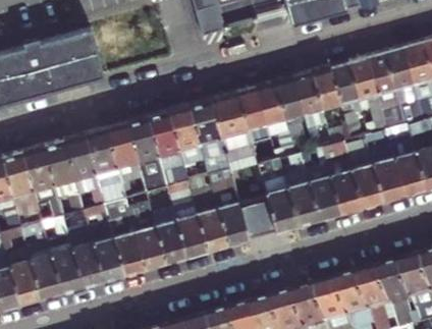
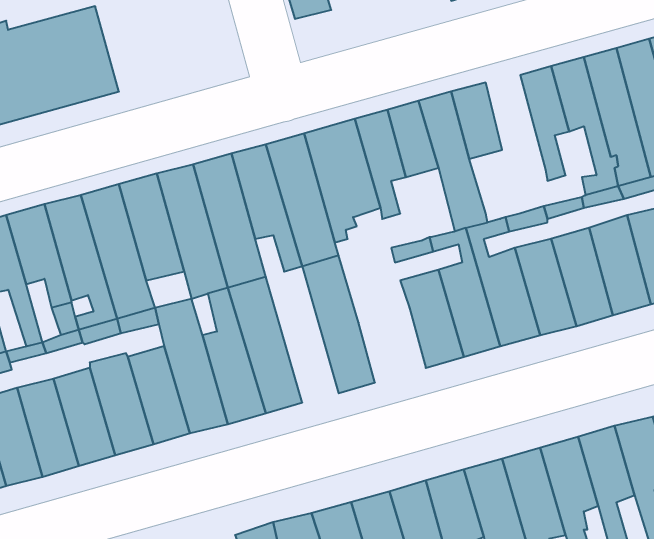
building: [312,66,345,123] -> none
building: [188,174,229,251] -> none
building: [240,198,278,239] -> none

